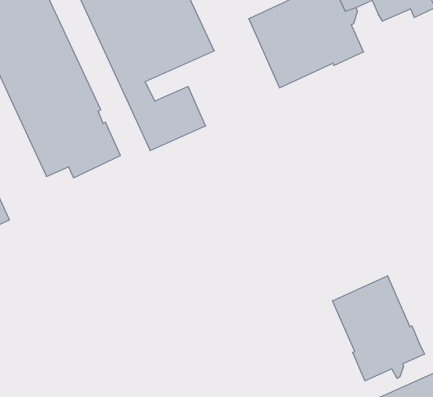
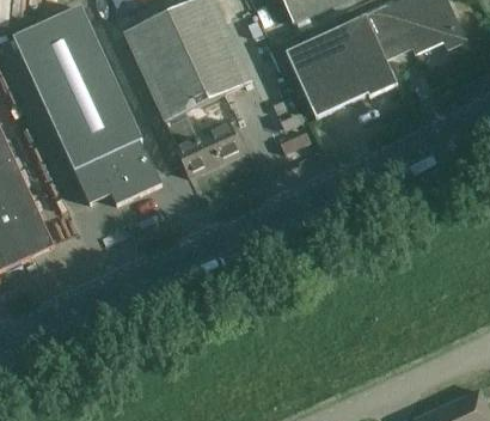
building: [333,276,424,381] -> none

